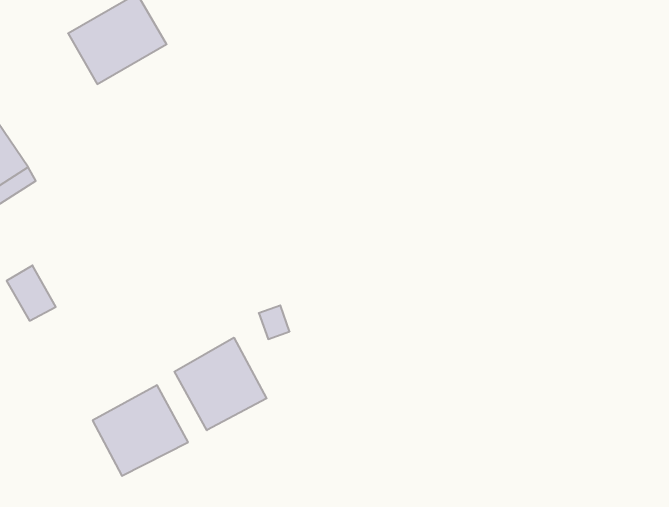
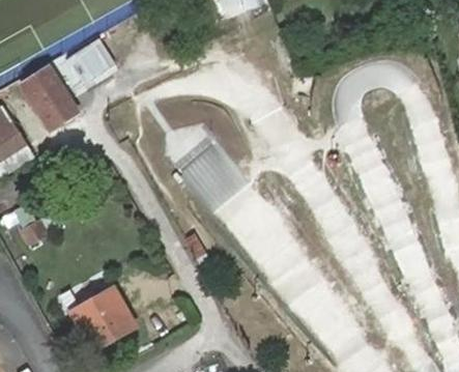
building: none -> [23,61,78,126]
building: [174,338,267,430] -> none

